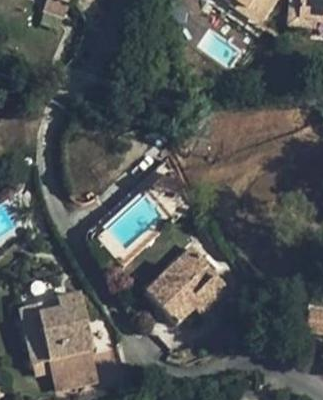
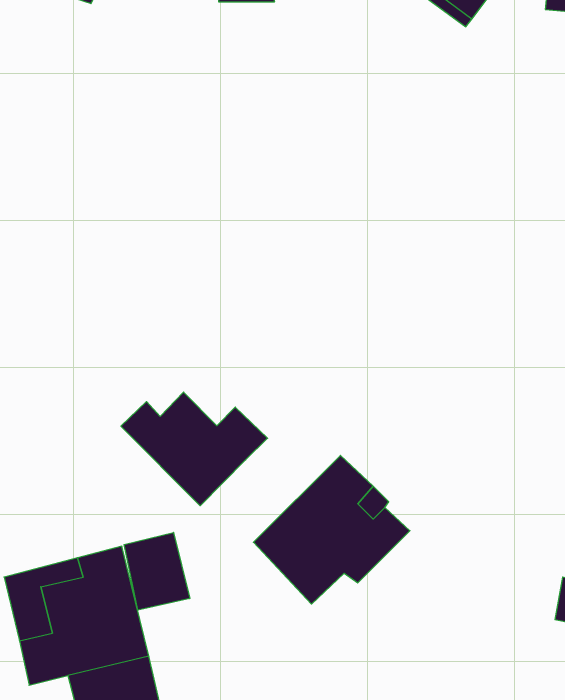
building: none -> [121,392,268,506]
building: none -> [124,532,190,610]

